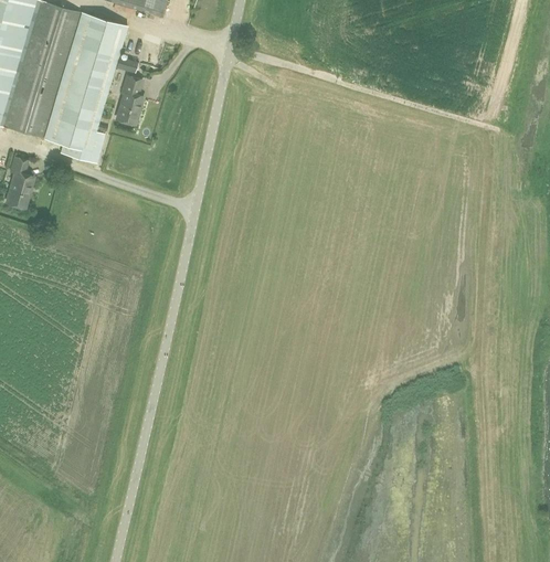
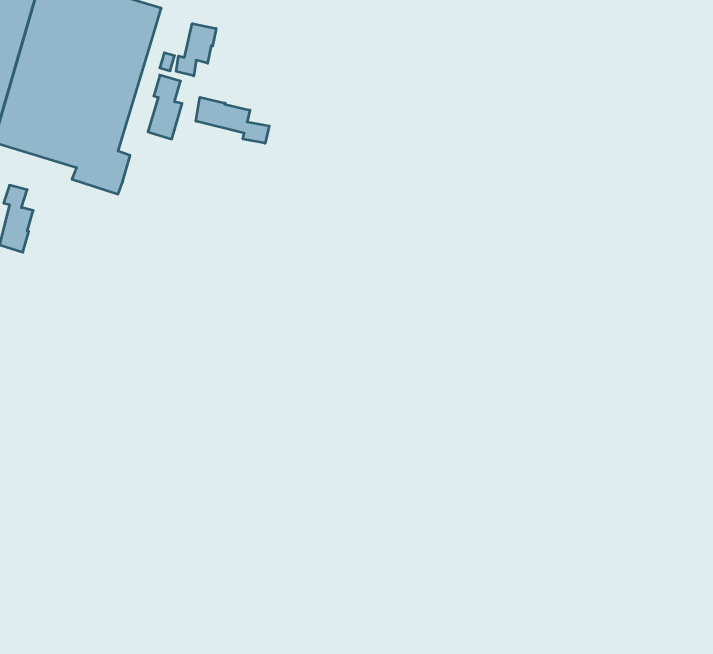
building: none -> [176,24,216,76]
building: none -> [196,97,269,143]

